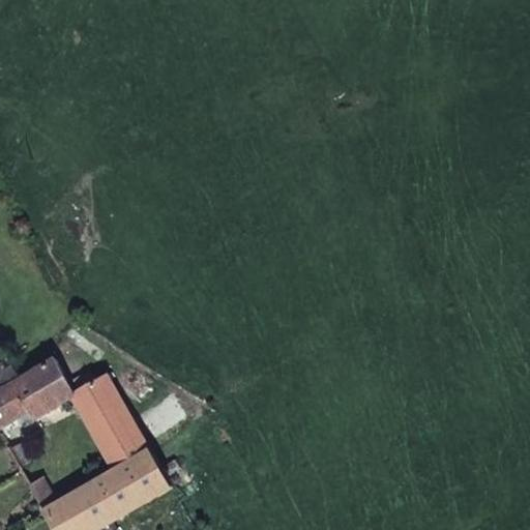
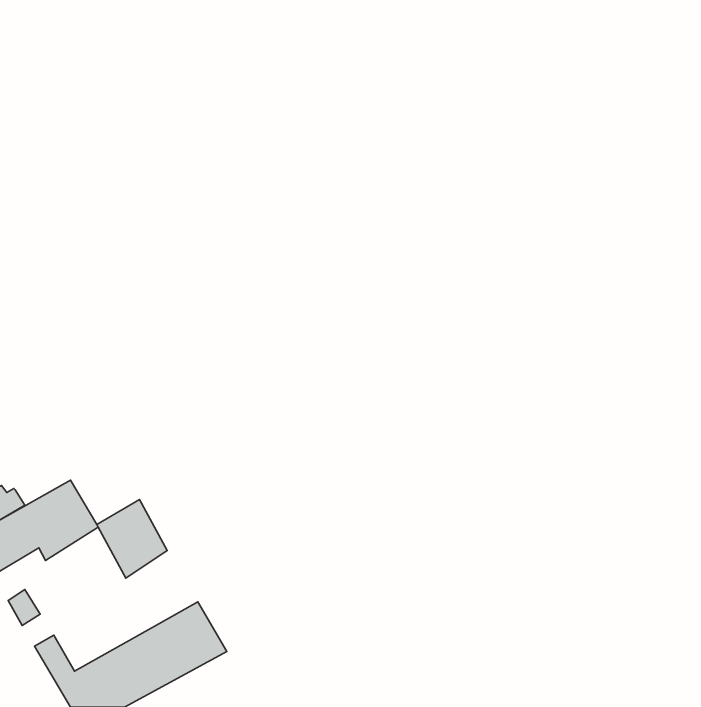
building: [94,412,148,469] -> none

